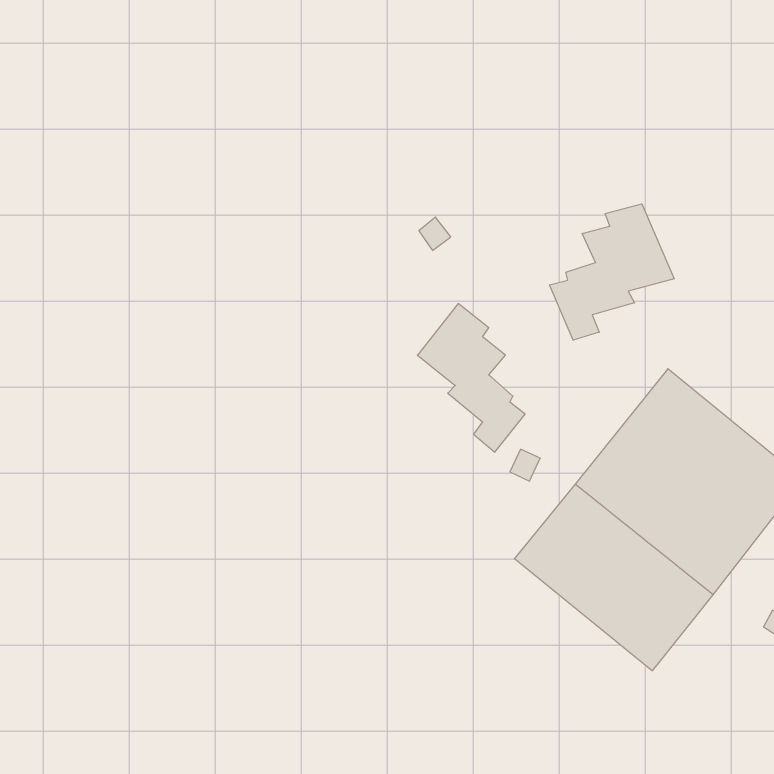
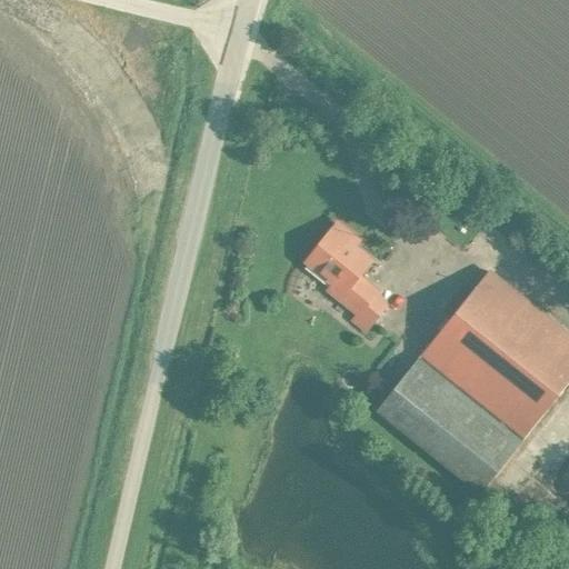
building: [549,204,674,340] -> none

